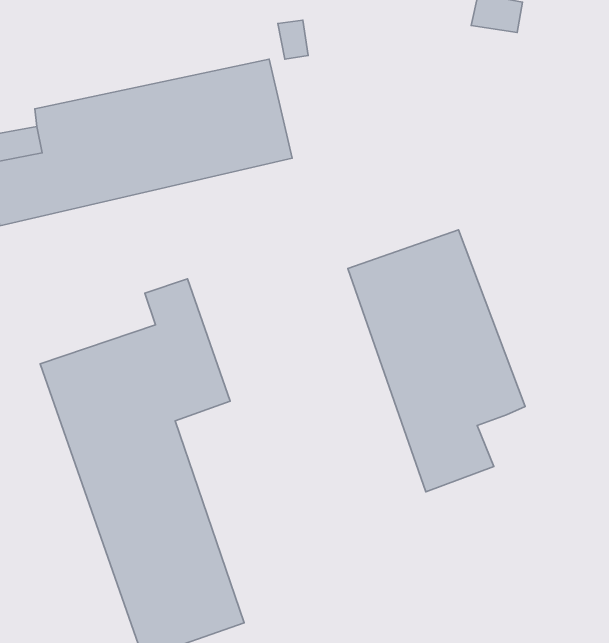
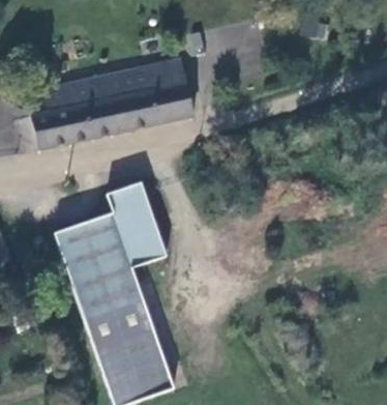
building: [348,230,525,492] -> none

